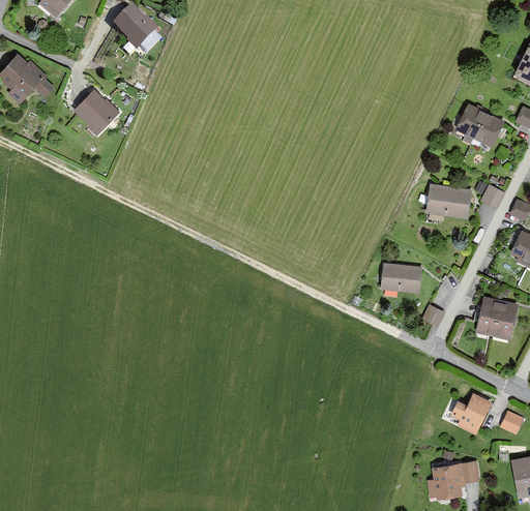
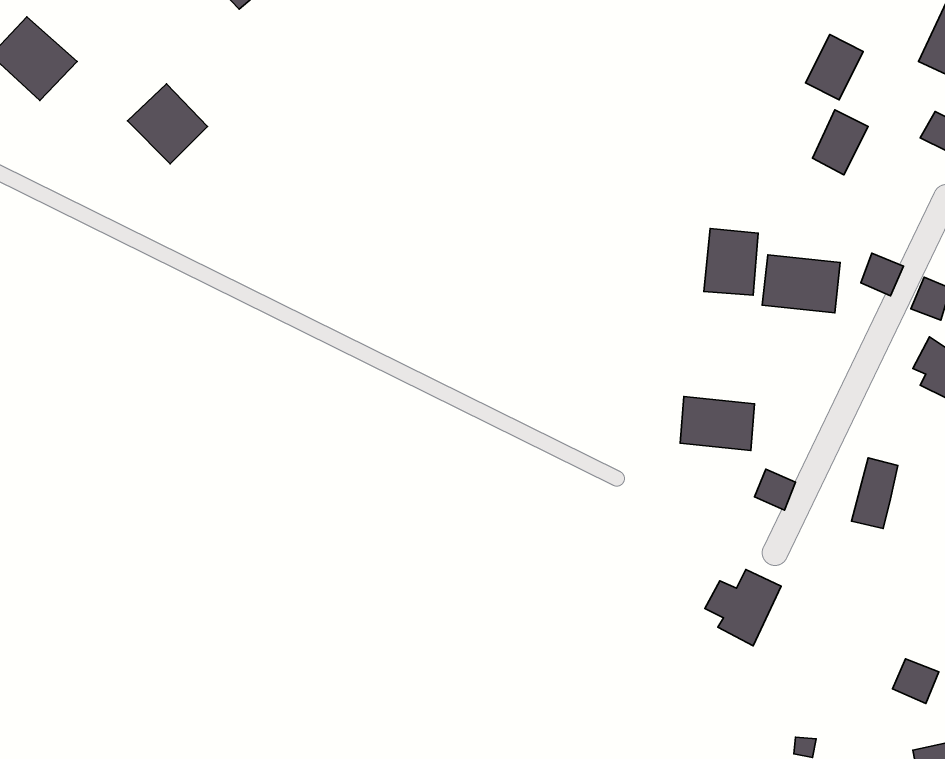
building: [472,113,504,149] -> [806,35,863,100]
building: none -> [704,228,758,295]
building: [494,301,521,341] -> none
building: [450,394,493,437] -> [705,570,781,646]

